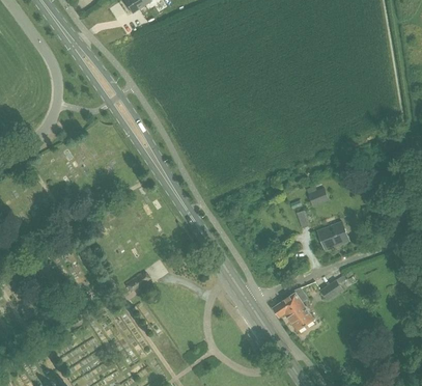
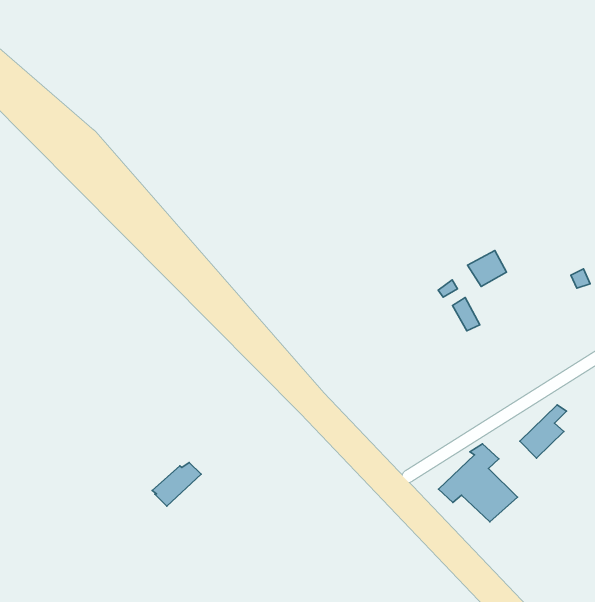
building: [316,222,349,251] -> none

